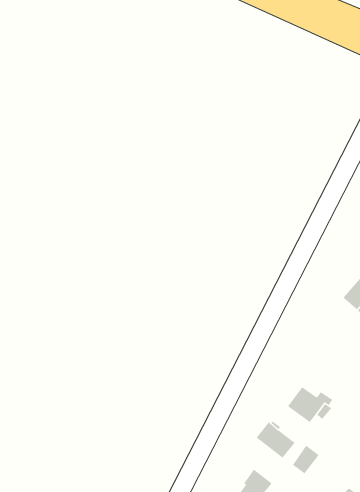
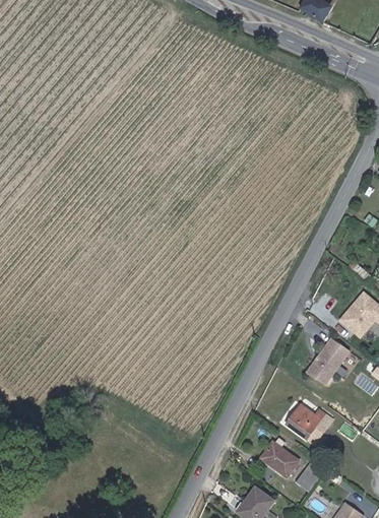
building: none -> [306,336,350,384]

